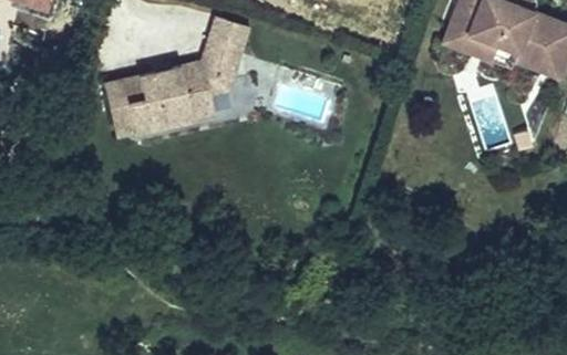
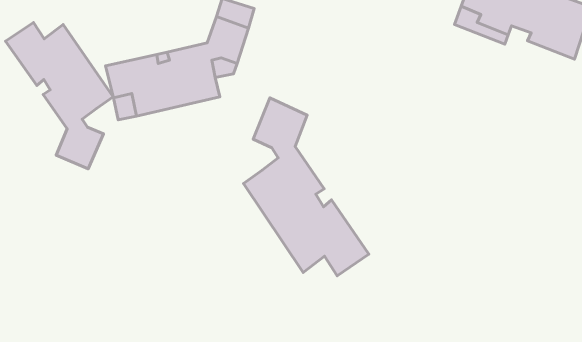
building: none -> [6,23,113,169]
building: none -> [243,98,369,276]

